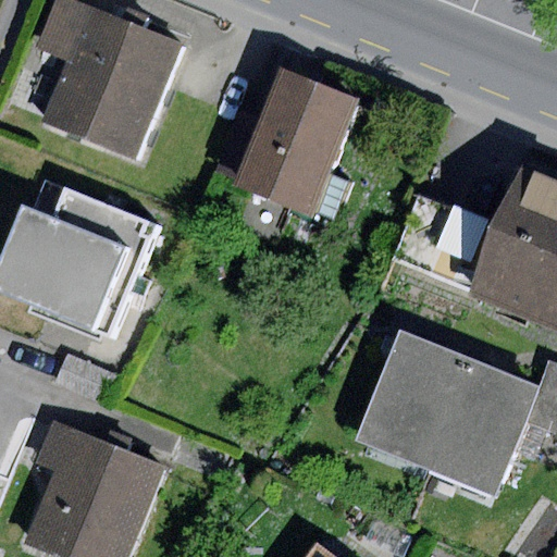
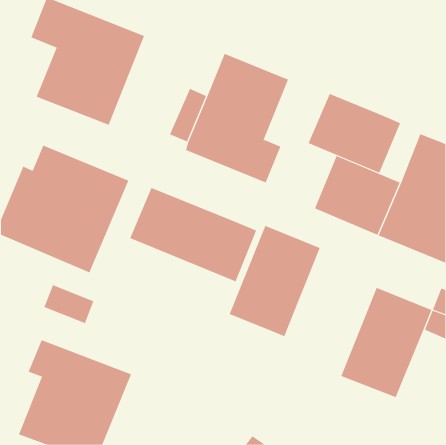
building: none -> [308,93,401,174]
building: none -> [129,187,257,282]
building: [355,330,469,469] -> [229,225,321,337]

